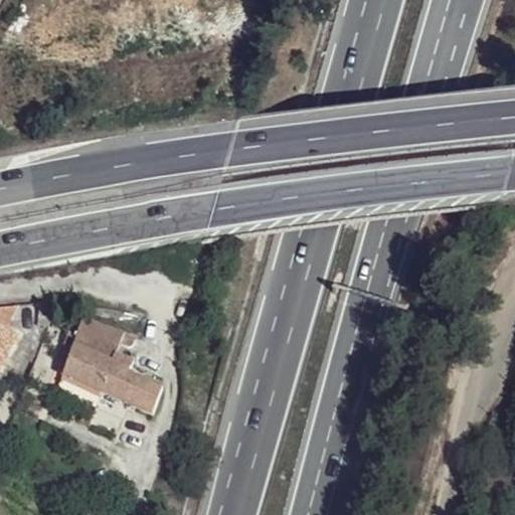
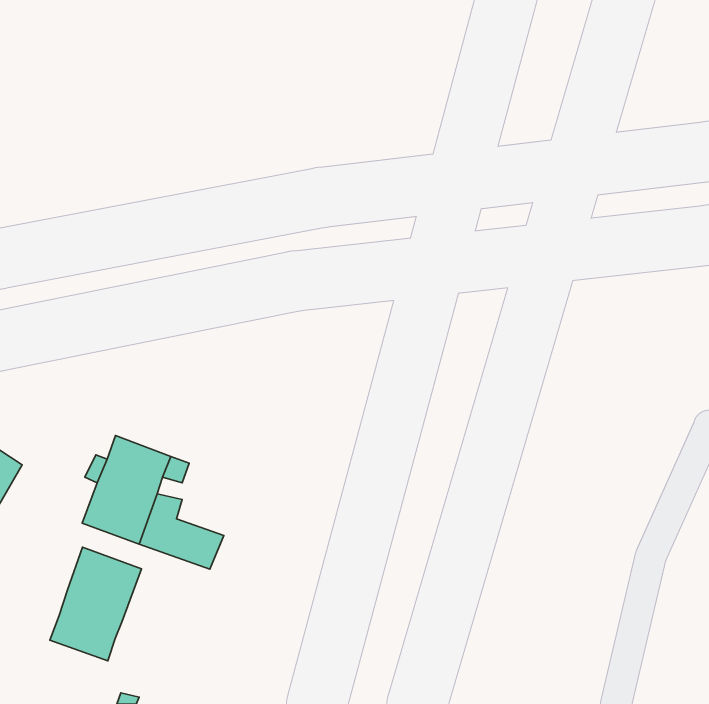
building: none -> [50,547,142,661]

